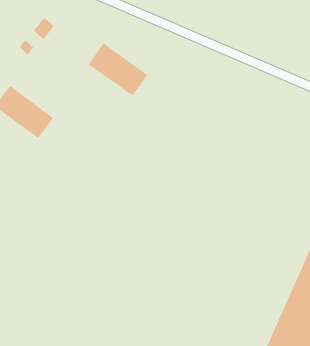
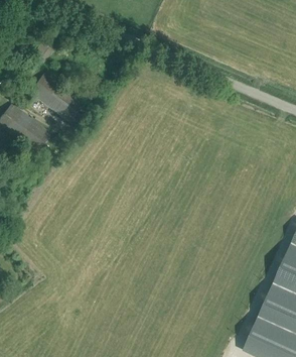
building: [88,42,148,96] -> [29,73,85,122]

